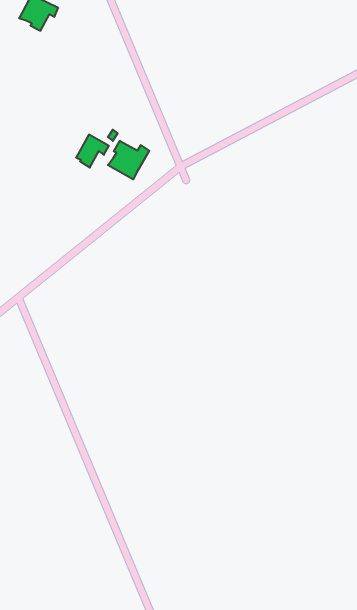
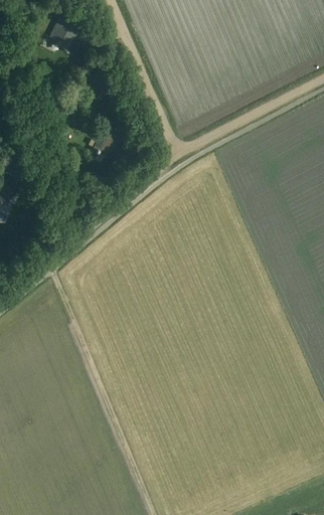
building: [108,141,149,179] -> none

